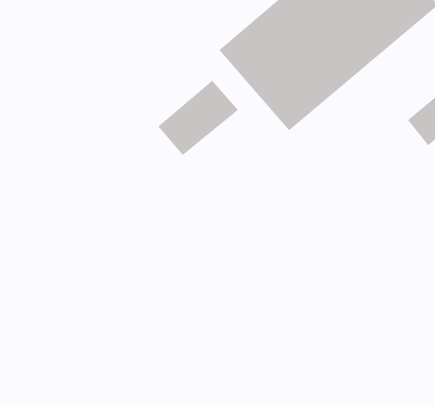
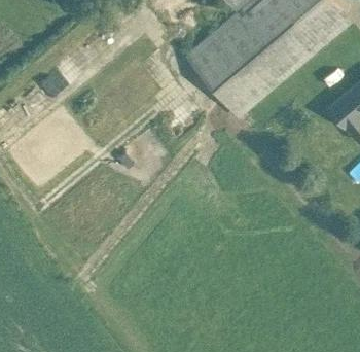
building: [158,80,239,156] -> none

